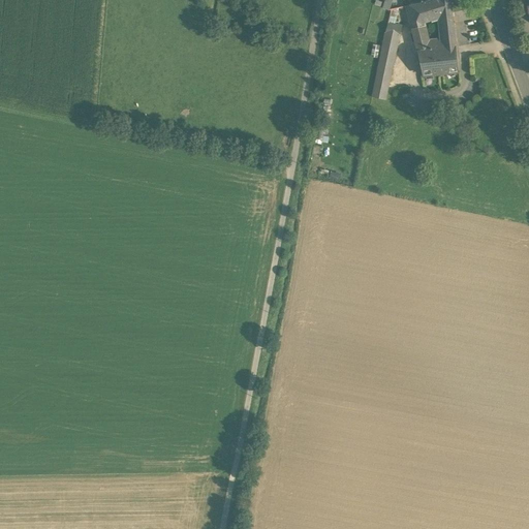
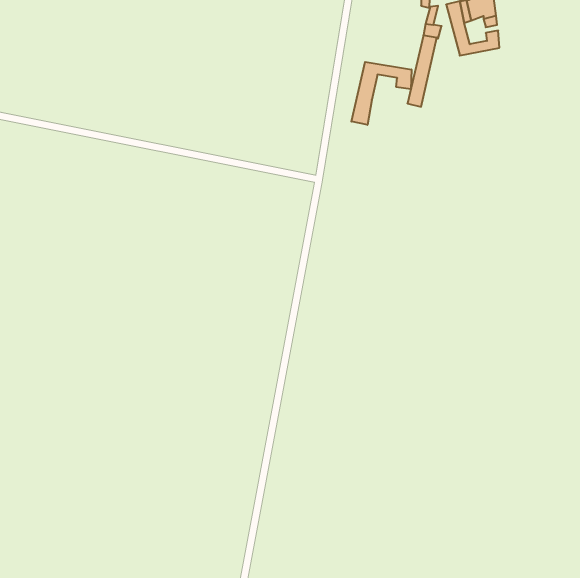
building: [418,43,458,74] -> none
building: none -> [351,62,411,125]

